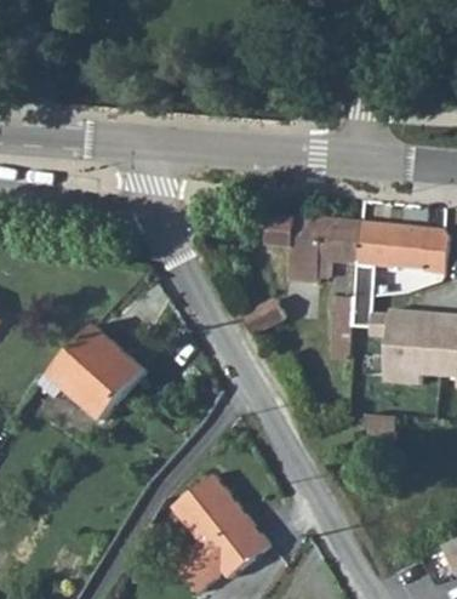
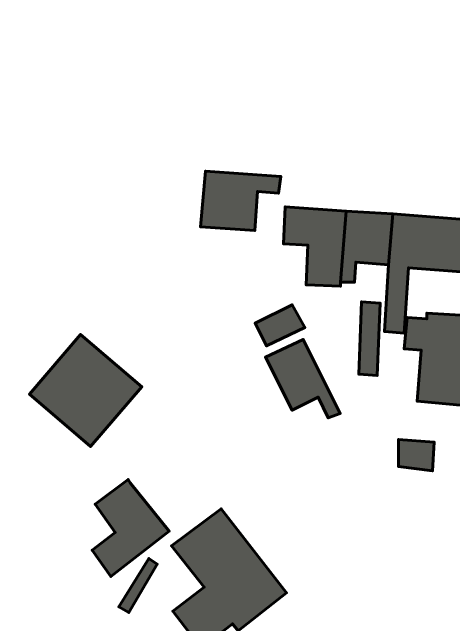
building: none -> [201,171,281,230]
building: none -> [265,339,340,418]
building: none -> [92,480,169,576]

